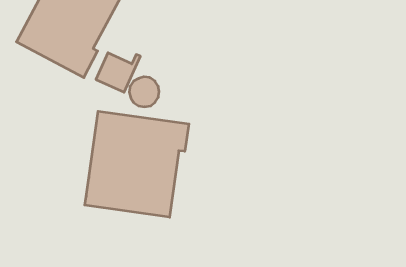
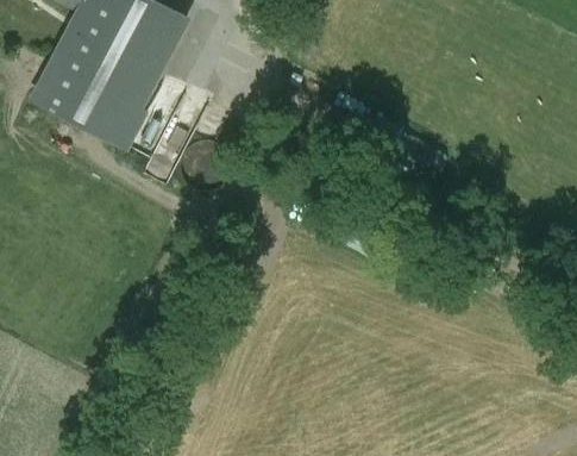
building: [85,111,189,217] -> none

